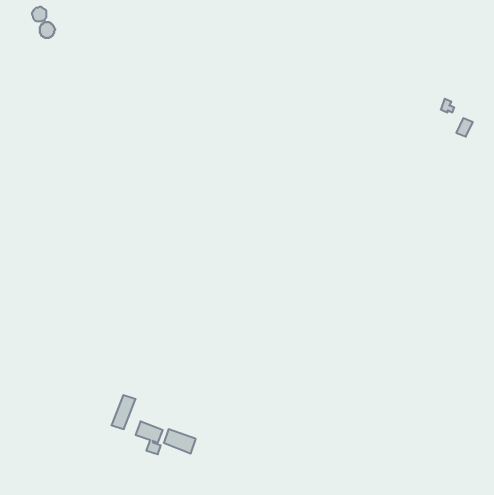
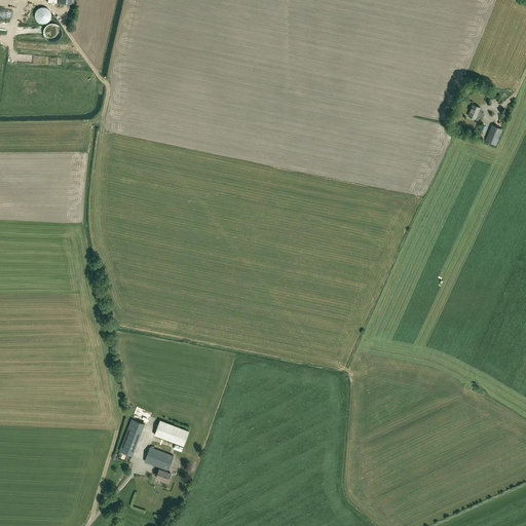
building: [164,429,196,453] -> [154,420,188,446]

